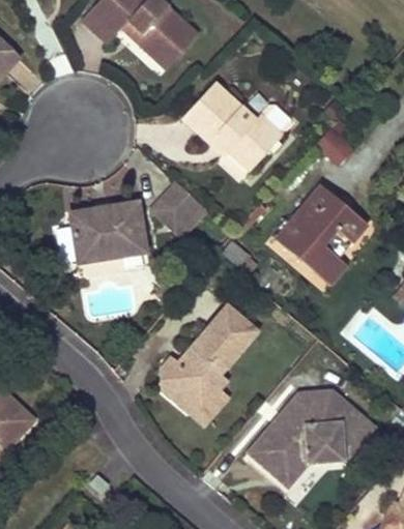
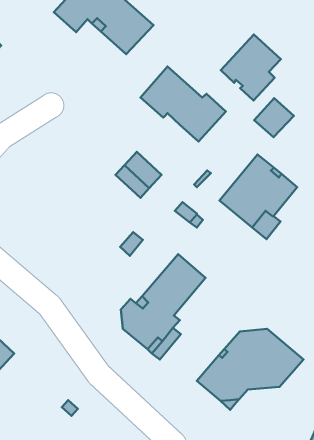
building: none -> [221,35,281,100]
building: [70,203,145,263] -> none

